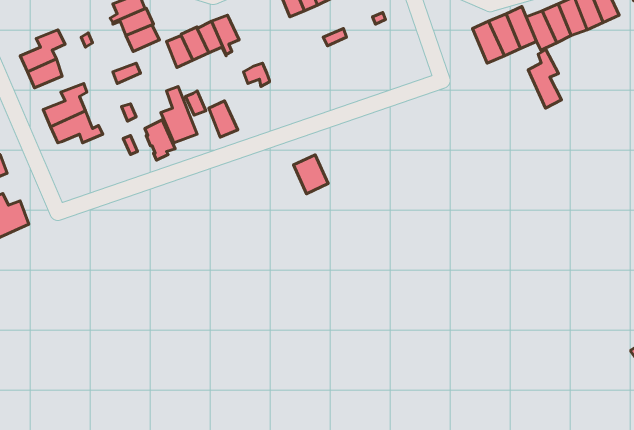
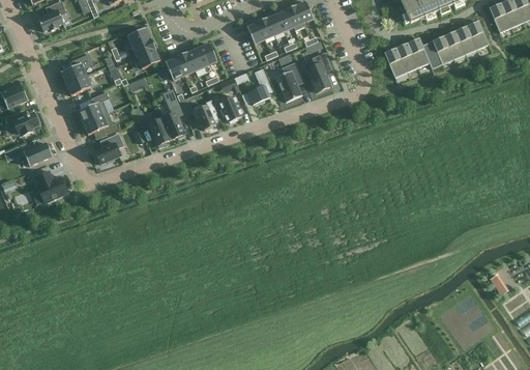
building: none -> [306,52,332,91]
building: none -> [275,61,304,101]
building: [528,50,562,108] -> none
building: none -> [247,67,272,104]
building: none -> [95,132,124,164]
building: [293,155,328,194] -> [218,93,243,121]

